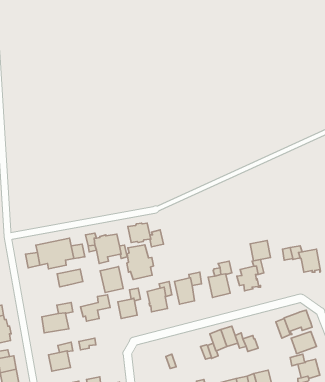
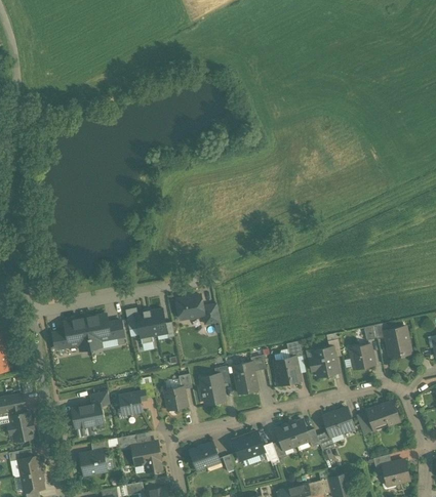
building: [250,240,270,261] -> [350,344,374,369]
building: [127,245,153,279] -> none
building: [100,267,123,292] -> none
building: [57,269,83,287] -> none
building: [291,331,317,353] -> [323,409,354,436]
building: none -> [234,431,265,460]
building: none -> [132,442,162,470]
building: none -> [190,443,220,469]

